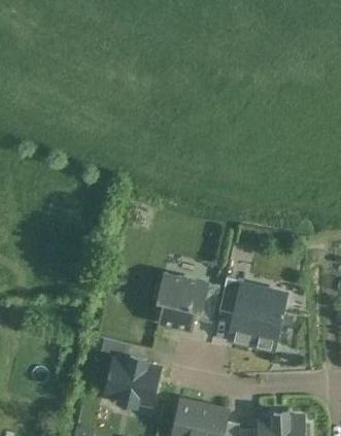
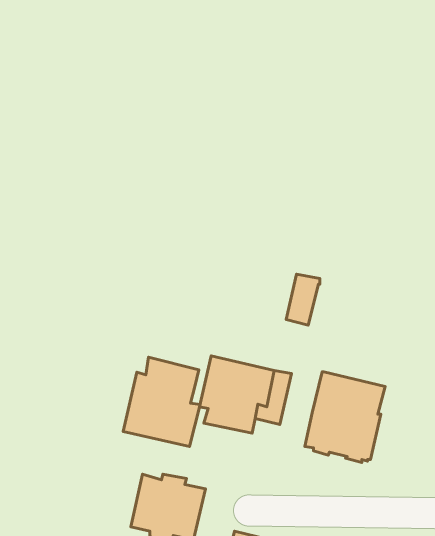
building: none -> [123,357,200,446]
building: [218,277,242,313] -> [286,274,320,325]

